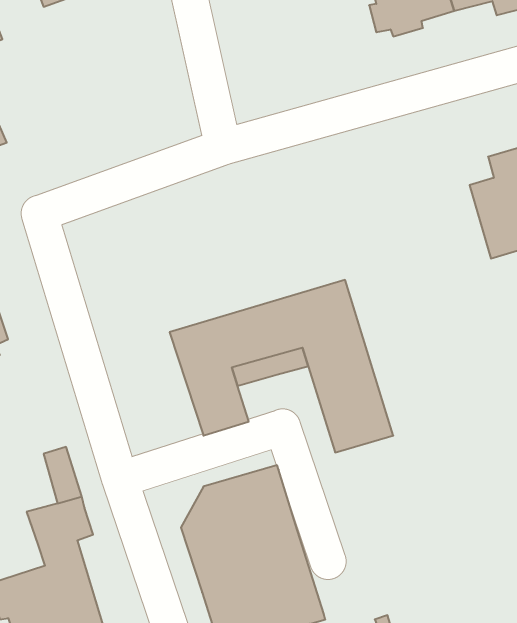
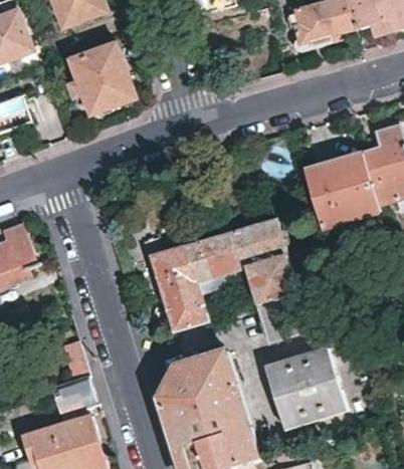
building: none -> [65,44,137,119]
building: none -> [304,153,380,228]
building: none -> [264,348,346,428]

